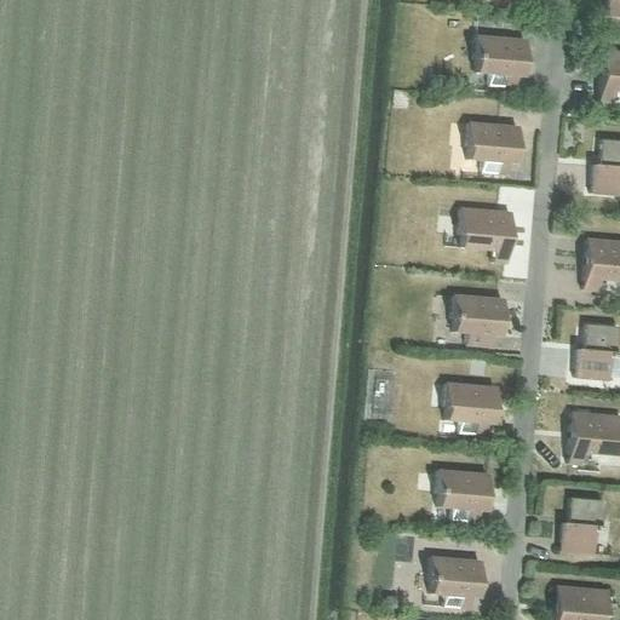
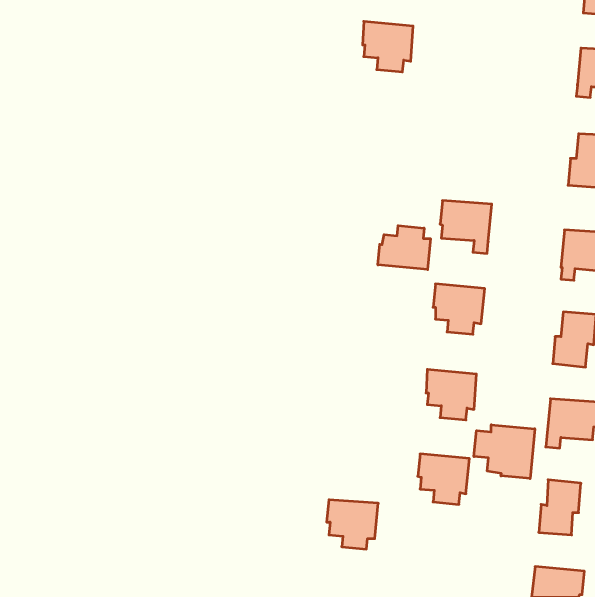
building: [475,34,527,86] -> [363,21,413,72]
building: [466,121,519,173] -> none
building: none -> [378,226,430,270]
building: none -> [474,425,535,479]
building: [429,556,482,607] -> [327,500,378,549]

